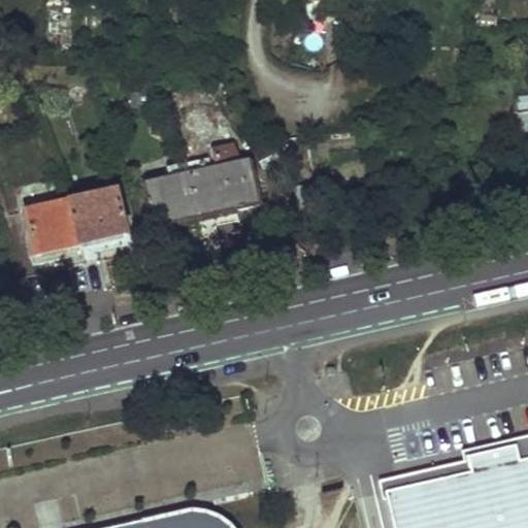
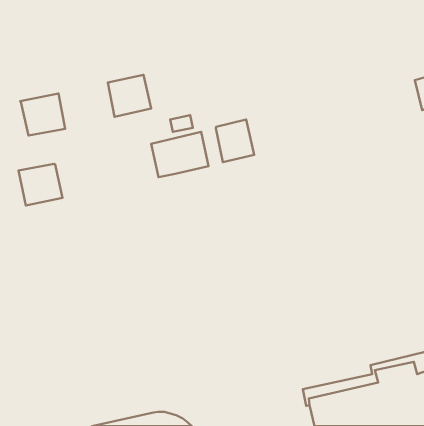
building: none -> [216,119,254,162]
building: [145,177,199,229] -> [108,75,151,117]
building: [70,193,126,244] -> [20,94,65,135]

